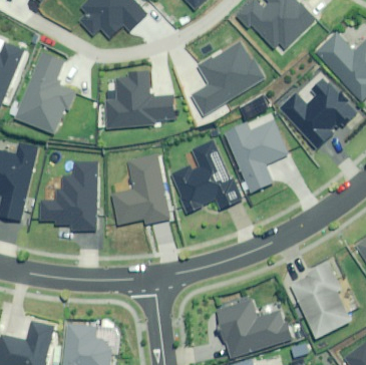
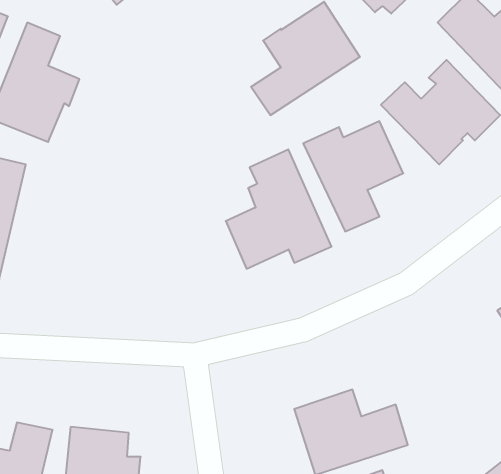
building: [103,70,173,127] -> none
building: [113,154,172,225] -> none
building: [41,161,99,231] -> none
building: [285,265,345,340] -> none

